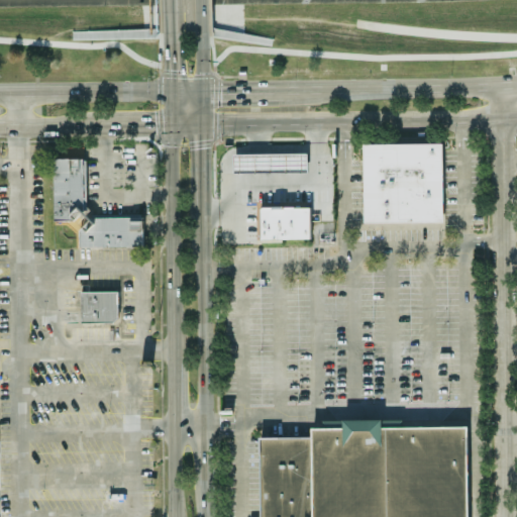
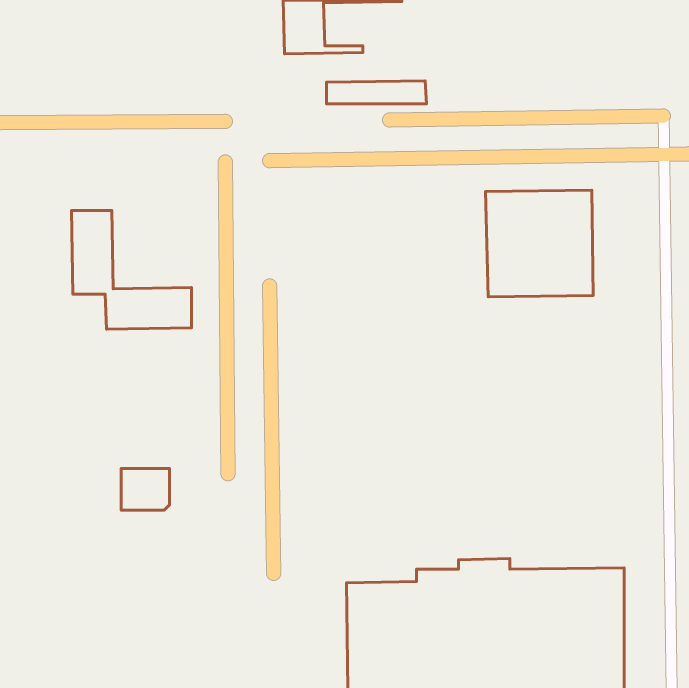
building: [234,153,309,171] -> [327,81,426,104]
building: [260,205,310,238] -> none
building: [82,291,118,322] -> [121,468,170,510]

